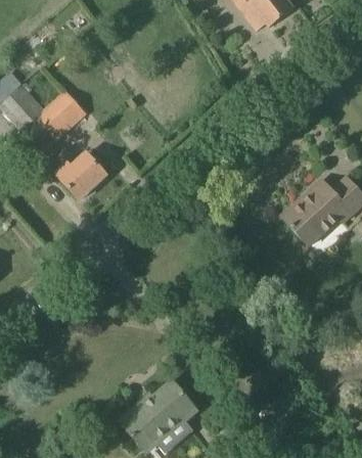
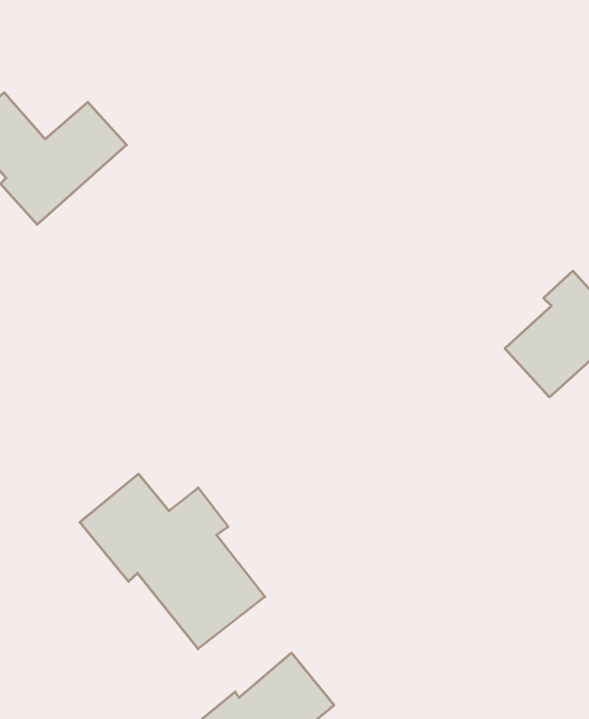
building: [46,147,105,199] -> none
building: none -> [80,474,265,649]

